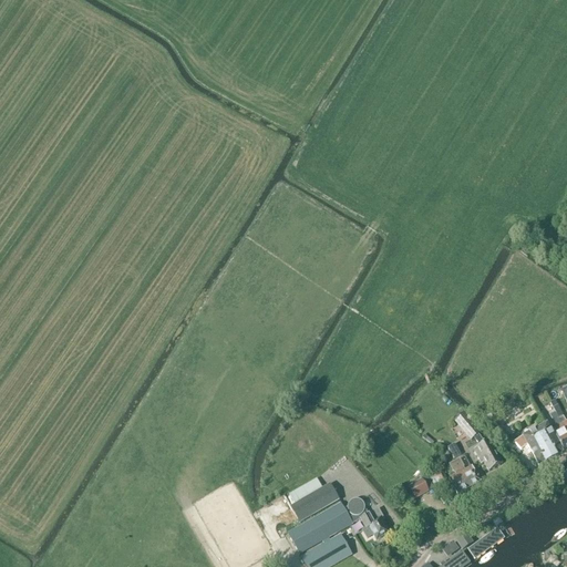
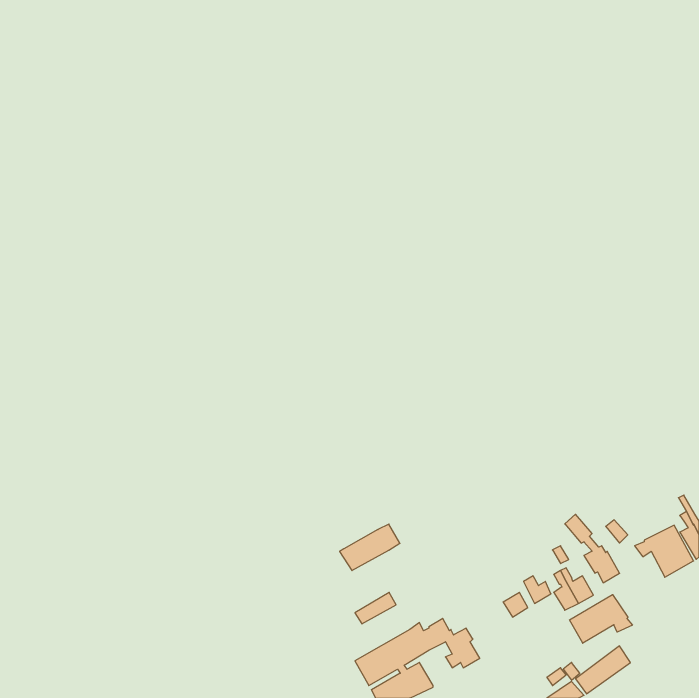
building: none -> [570,595,632,643]
building: [289,484,338,522] -> [340,524,400,571]

